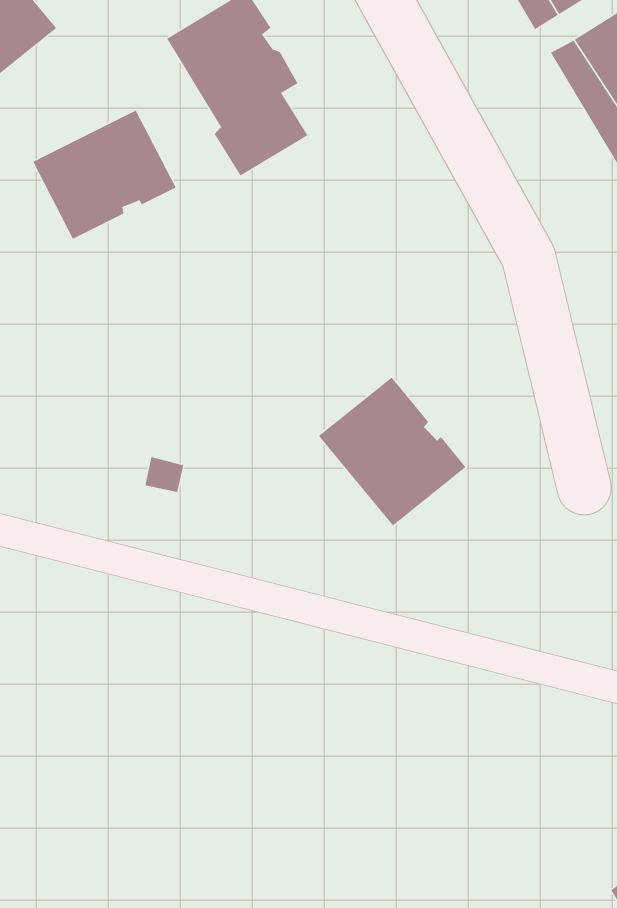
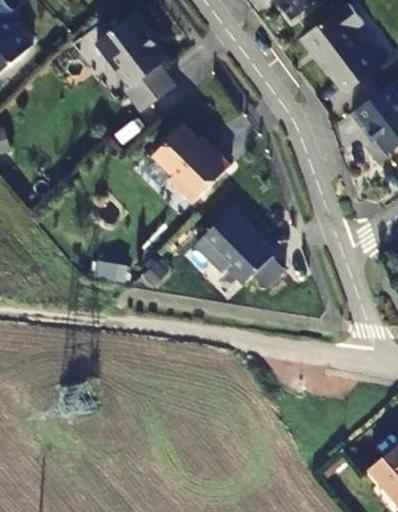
building: [32,110,177,240] -> none
building: none -> [152,126,229,204]

